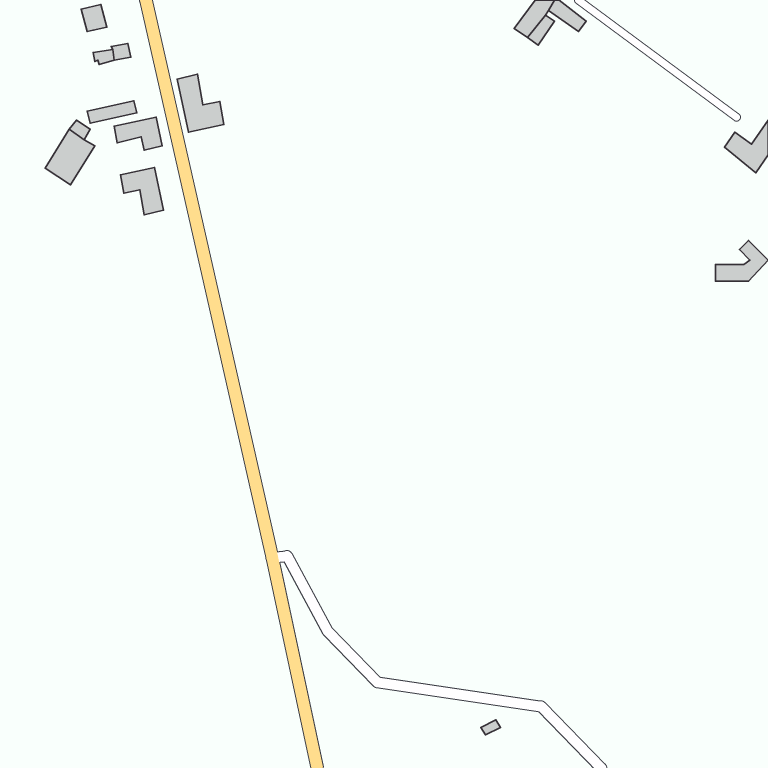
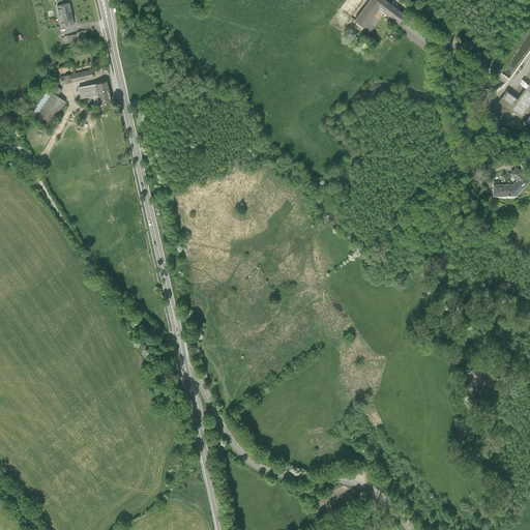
building: [177,74,224,132] -> none
building: [121,167,164,215] -> none

